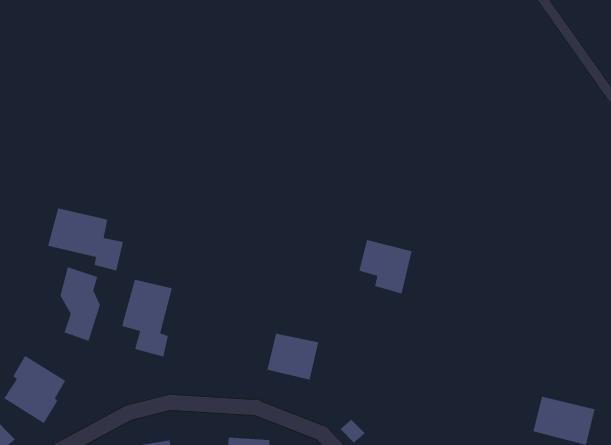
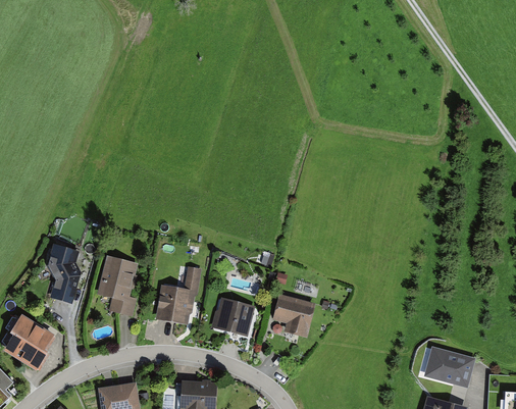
building: [47,207,124,272] -> none
building: [359,239,413,294] -> [271,294,314,338]
building: none -> [154,267,197,325]

